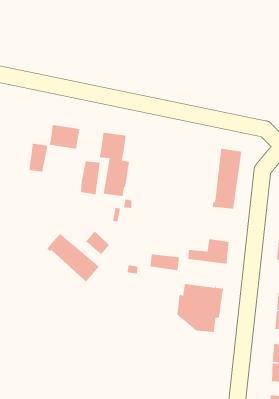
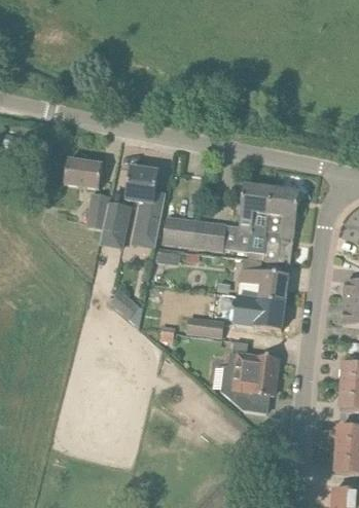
building: [29,143,48,172] -> [86,192,110,228]
building: none -> [163,183,274,259]
building: none -> [238,267,289,301]
building: [46,233,100,283] -> none

